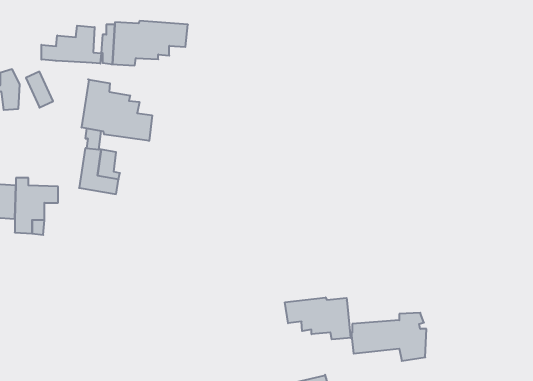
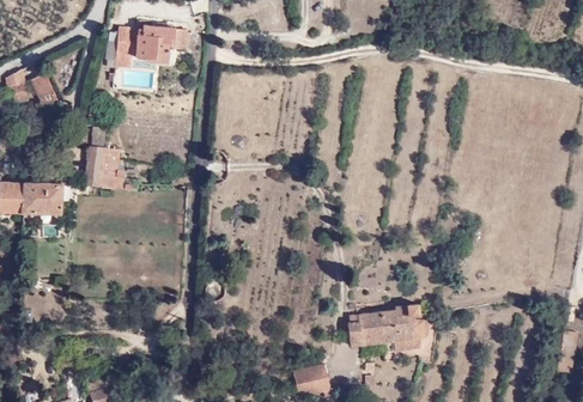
building: [41,26,101,64] -> none
building: [82,79,152,141] -> none
building: [285,297,352,339] -> none

